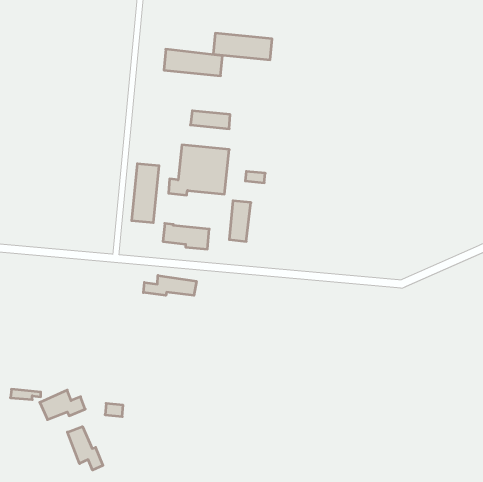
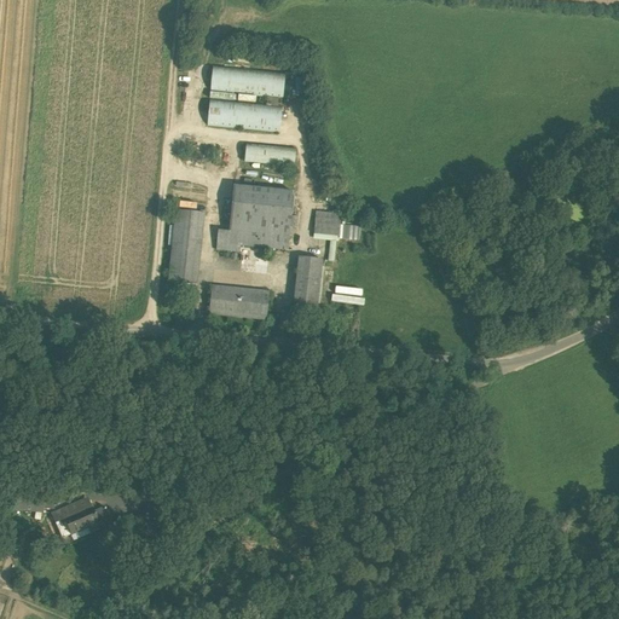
building: [213,33,272,60] -> [206,97,280,131]
building: [143,275,196,295] -> none
building: [67,427,103,470] -> none

